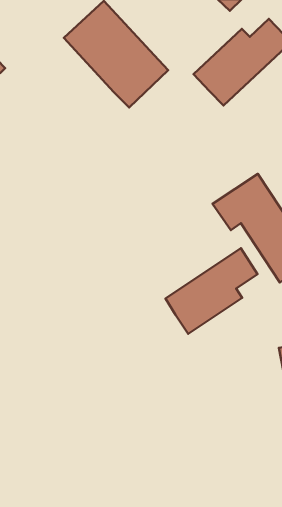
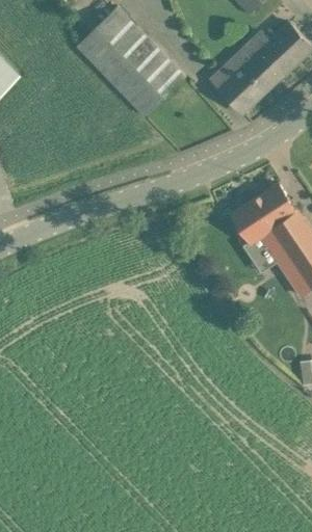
building: [165,248,258,334] -> none

